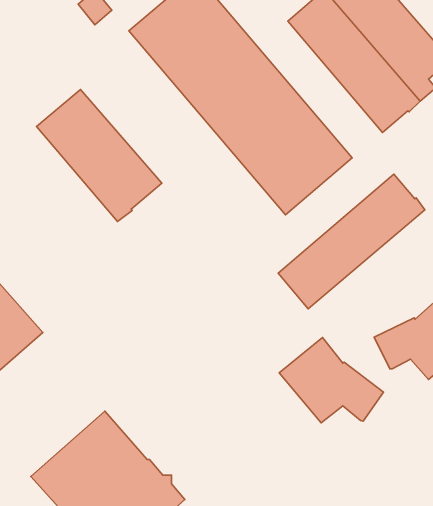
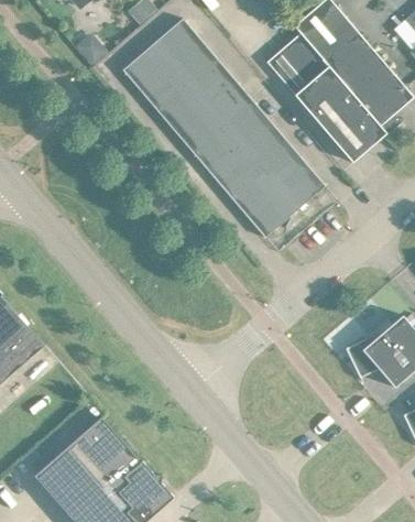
building: [37,89,162,221] -> none
building: [278,174,425,309] -> none
building: [279,337,384,423] -> none

